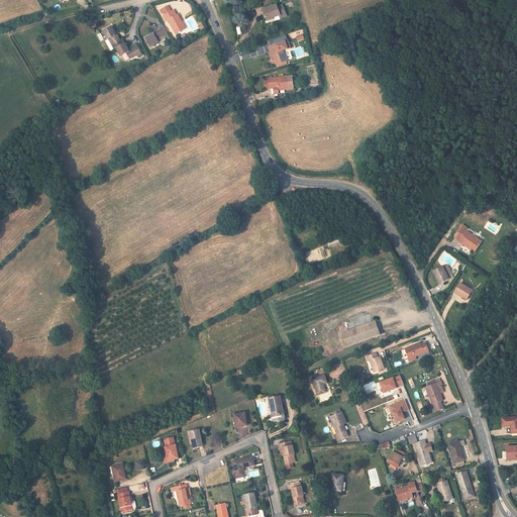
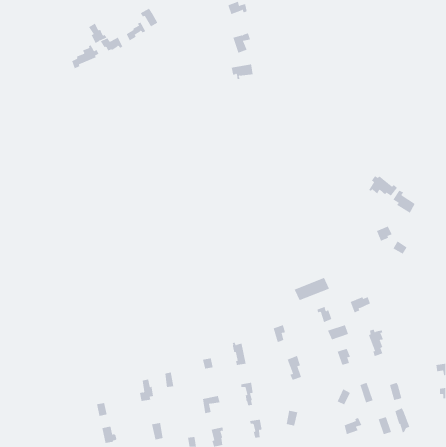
building: none -> [71,44,99,69]
building: none -> [369,175,398,197]

